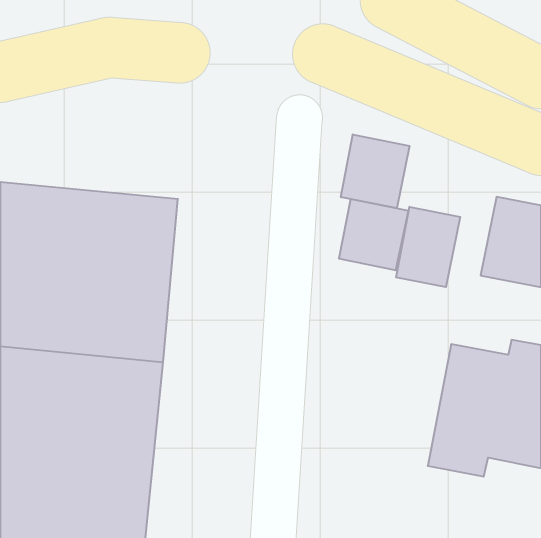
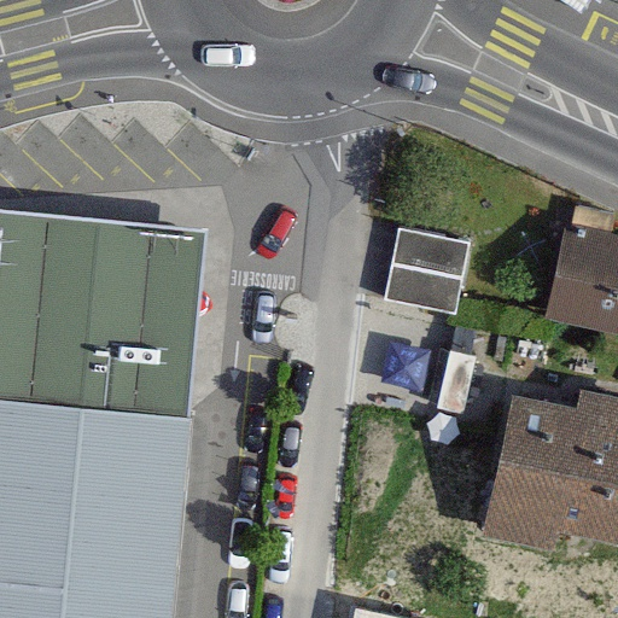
building: [341,134,409,208] -> none
building: [396,207,460,287] -> none

